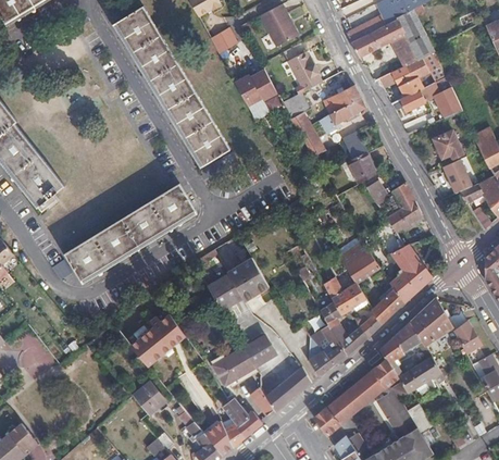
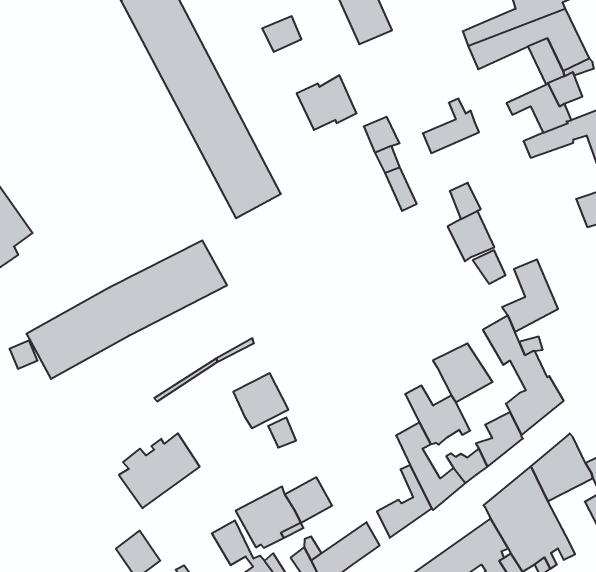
building: [288,50,322,90] -> none
building: [320,99,366,134] -> none
building: [227,234,271,298] -> none

